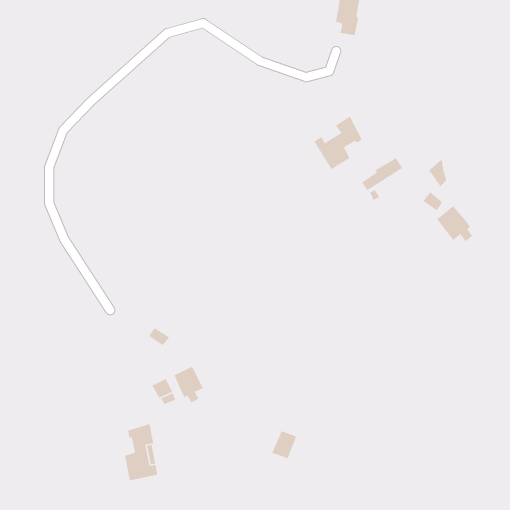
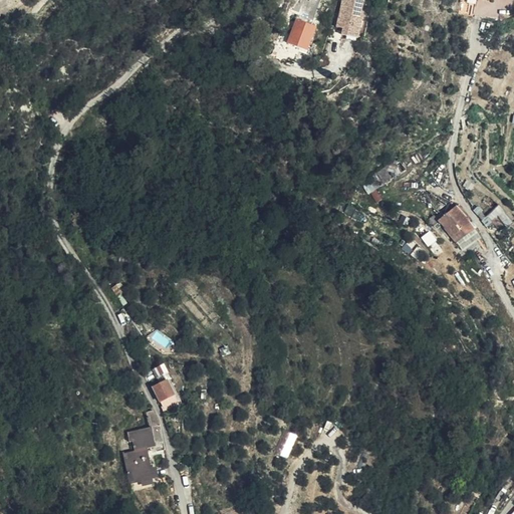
building: none -> [287,19,314,53]
building: [313,116,363,170] -> none
building: [173,366,204,403] -> none

